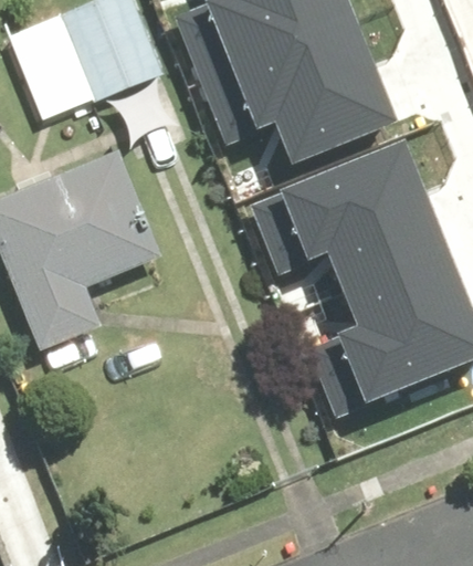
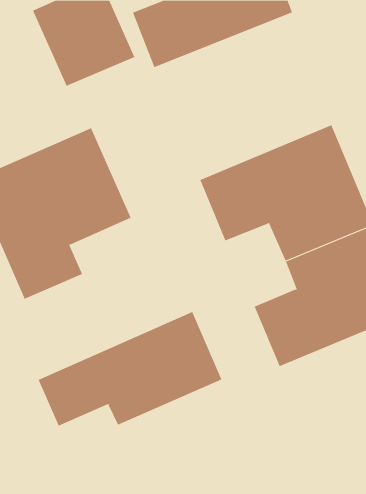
building: [195,14,396,161] -> none
building: none -> [38,311,222,426]

